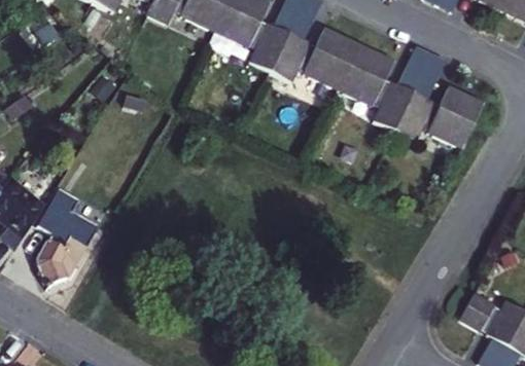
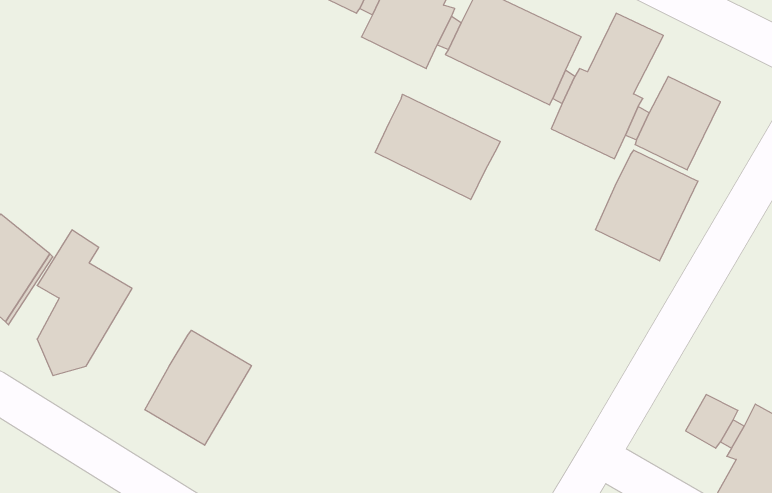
building: none -> [375,94,500,200]
building: none -> [595,150,698,261]
building: none -> [145,330,251,445]

